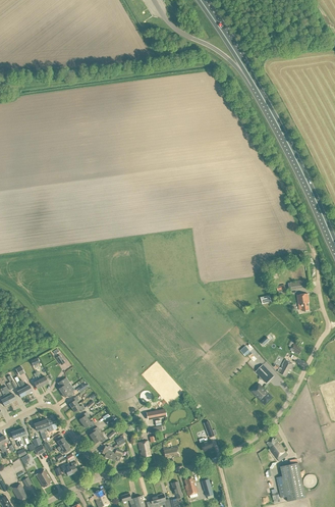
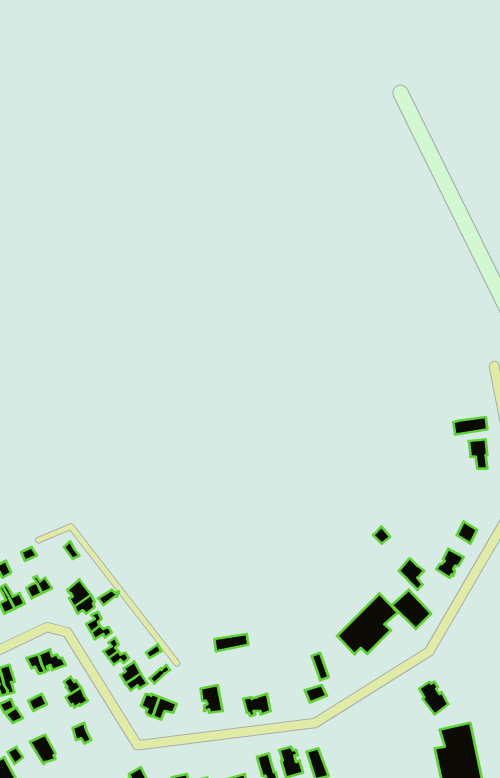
building: none -> [337,593,398,654]

